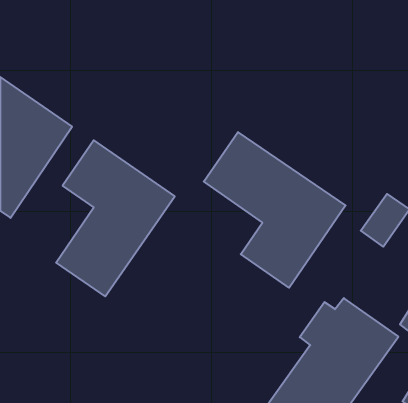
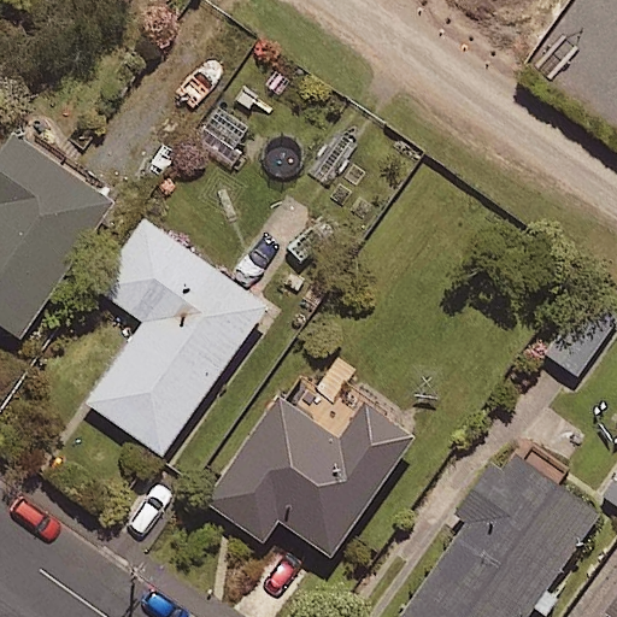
building: [204,132,346,288] -> none
building: none -> [204,395,416,557]

